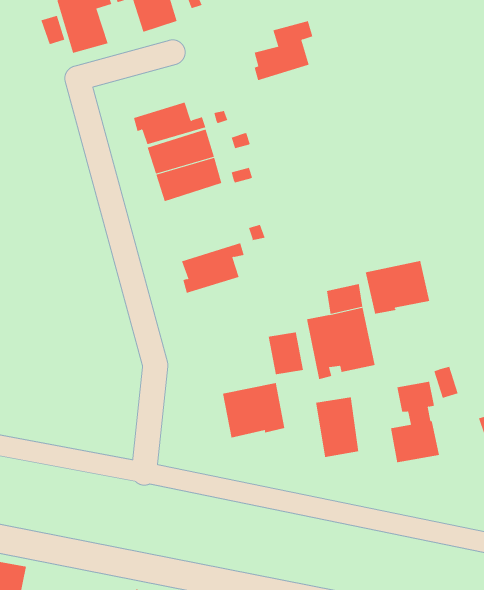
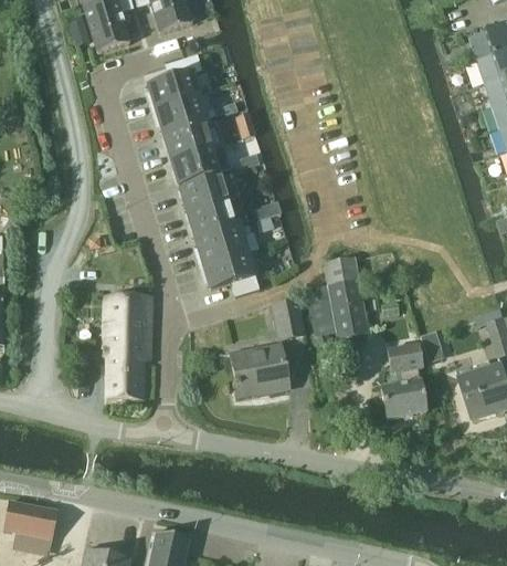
building: [254,20,313,81] -> [148,55,201,109]
building: none -> [180,172,247,237]
building: [365,260,430,314] -> none
building: none -> [199,252,258,295]
building: none -> [103,294,151,397]
building: [315,397,359,458] -> none

